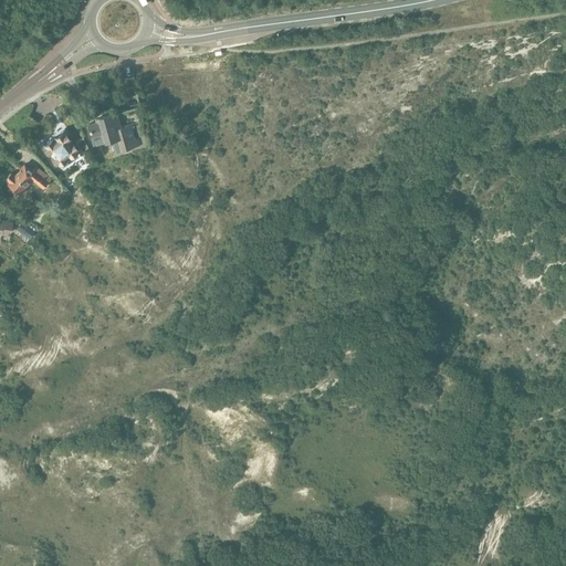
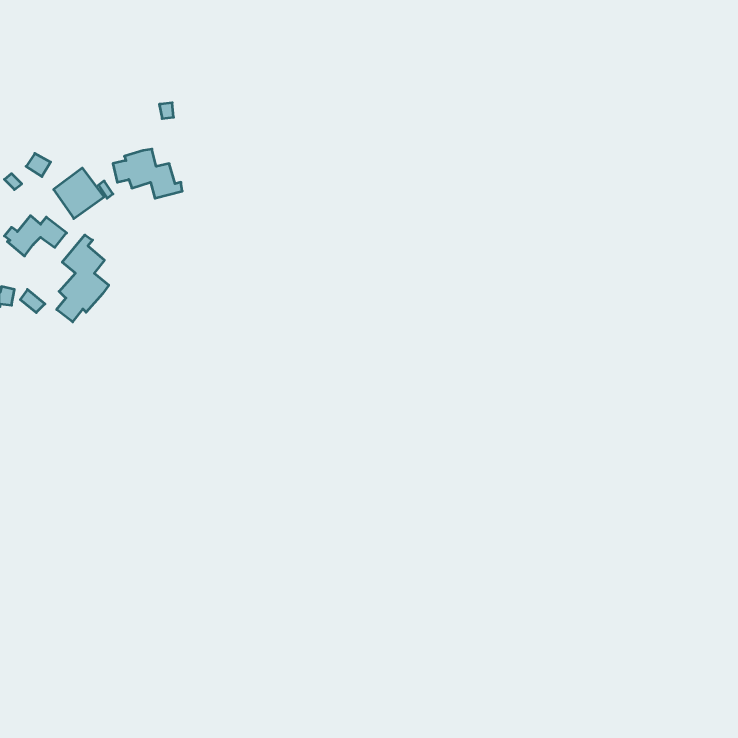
building: none -> [57,235,109,322]

